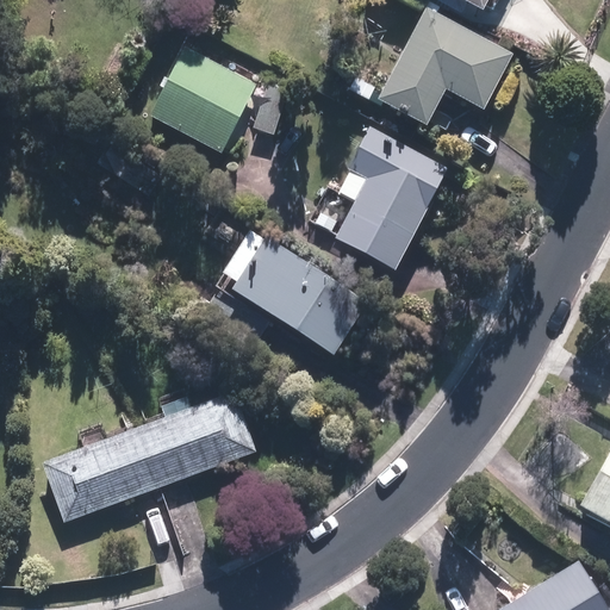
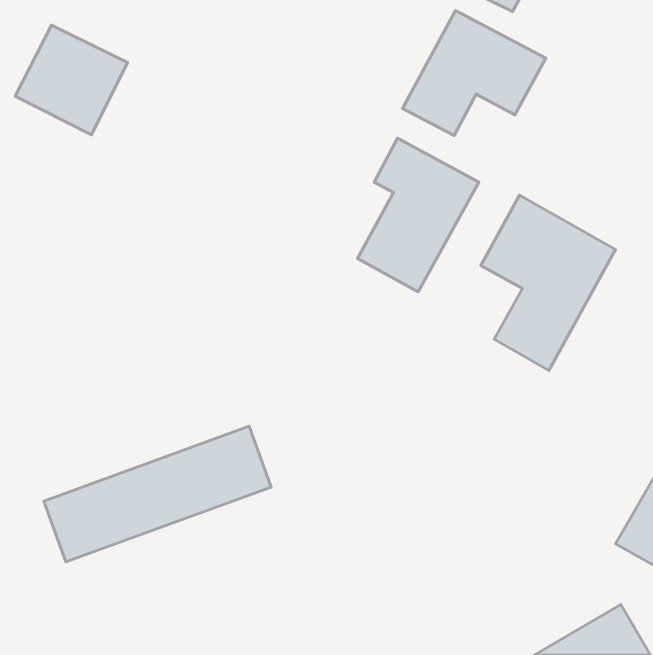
building: [151,50,255,151] -> [15,25,127,135]
building: none -> [481,195,616,370]
building: [207,238,366,354] -> none

